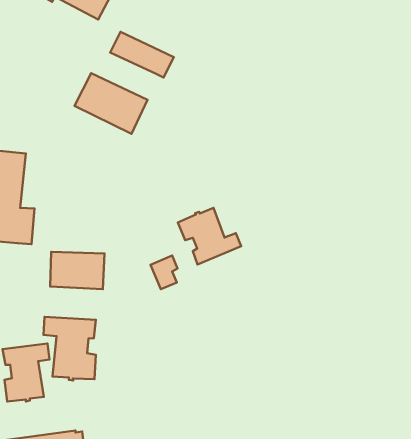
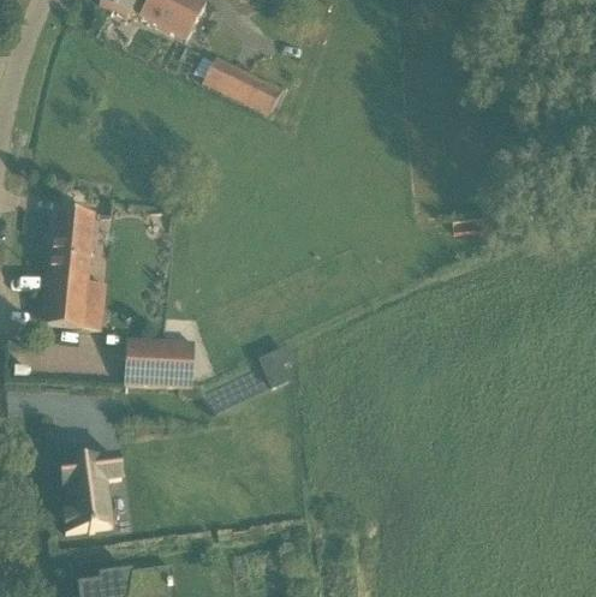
building: [74,73,148,134] -> none
building: [178,208,241,264] -> none
building: [44,317,96,380] -> none

